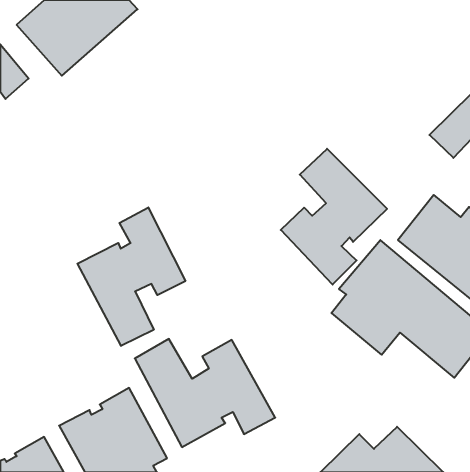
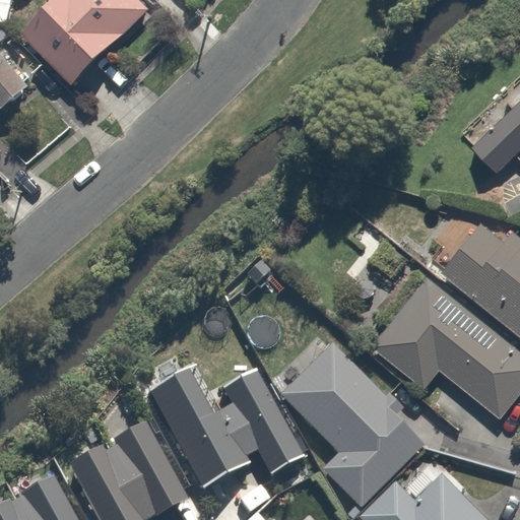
building: [281,149,387,285] -> none
building: [77,207,185,346] -> none
building: none -> [277,332,418,506]

